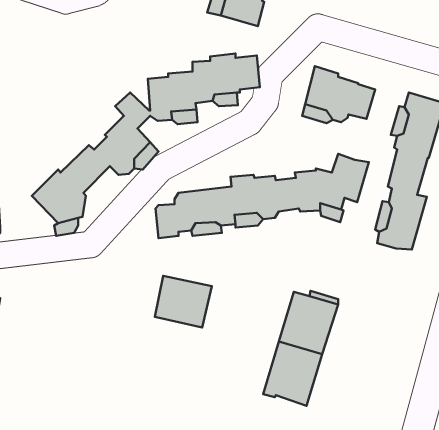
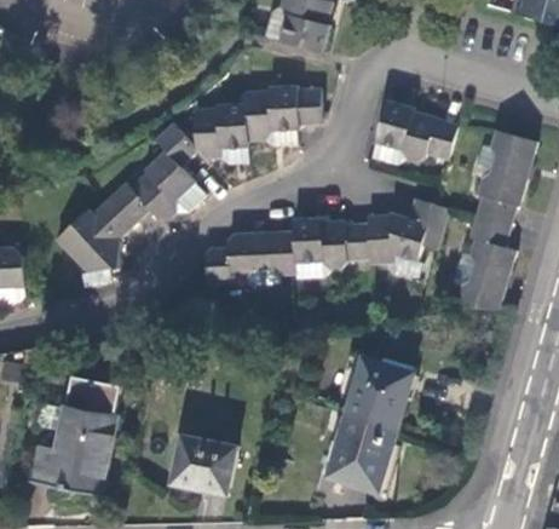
building: [155,276,212,327] -> [171,433,236,493]
building: none -> [30,374,117,494]

